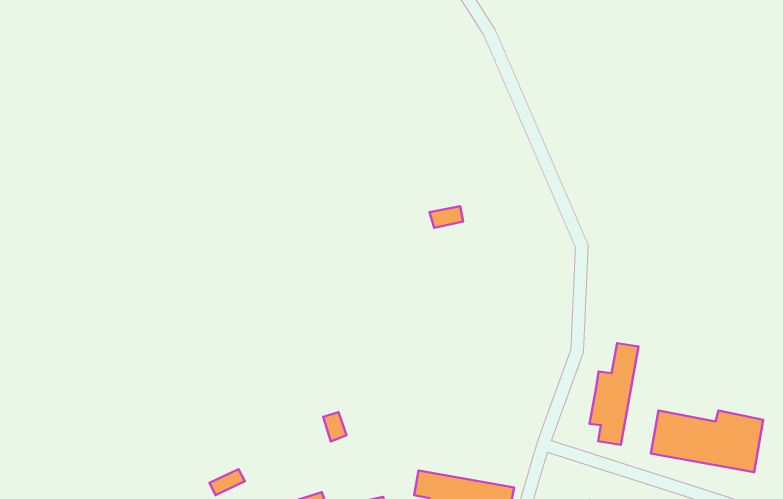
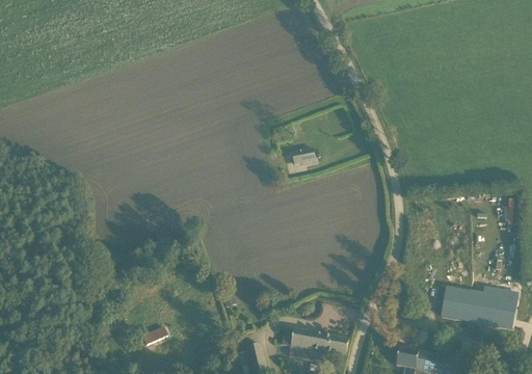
building: [589,343,639,445] -> none

